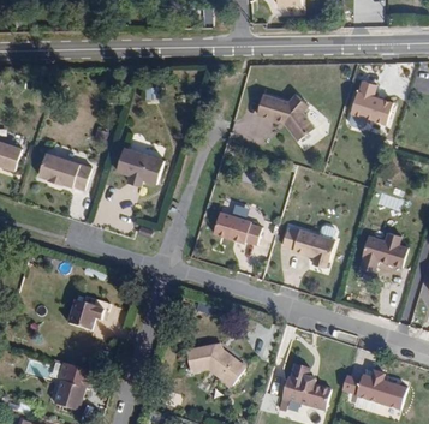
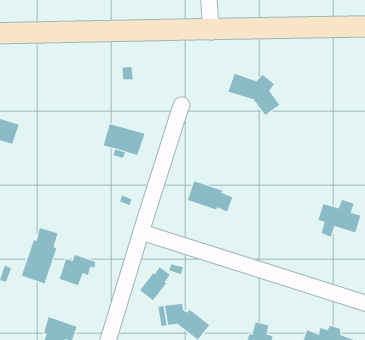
building: [344,78,388,124] -> none
building: [44,154,96,190] -> none
building: [284,229,336,270] -> none
building: none -> [21,227,58,284]
building: none -> [139,266,170,301]

